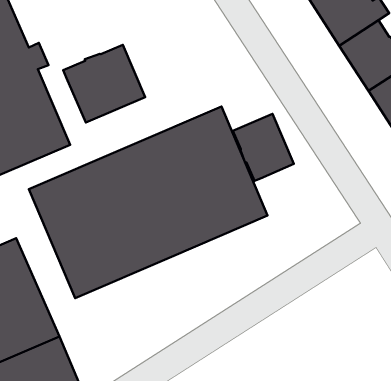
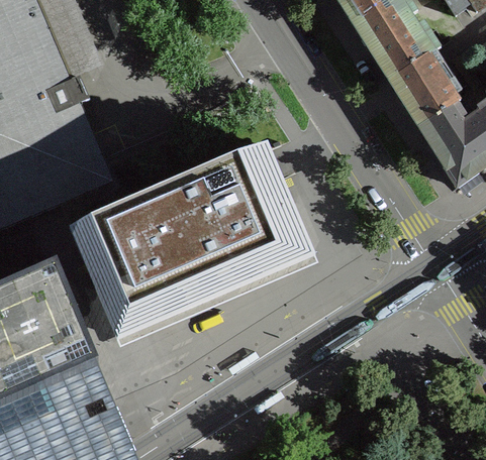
building: [63,45,145,123] -> none
building: [233,114,294,181] -> none

